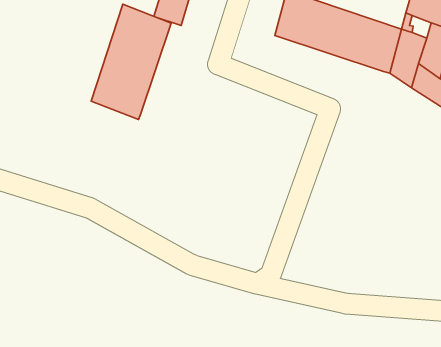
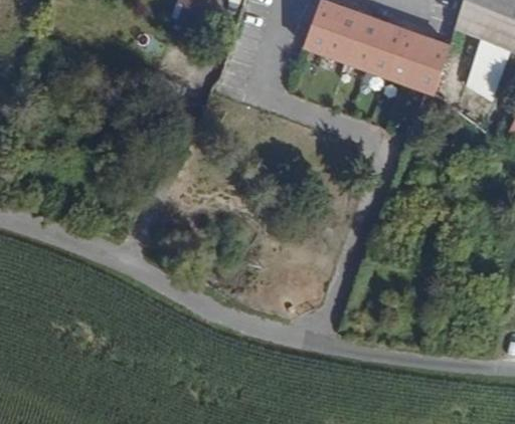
building: [91,4,171,120] -> none

